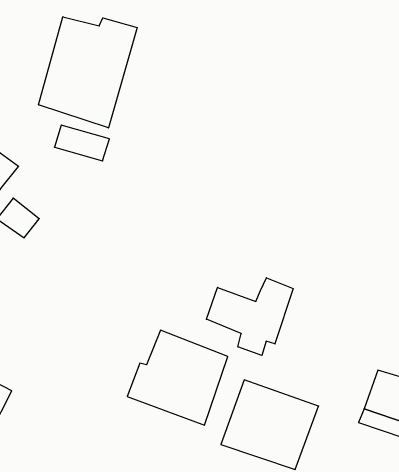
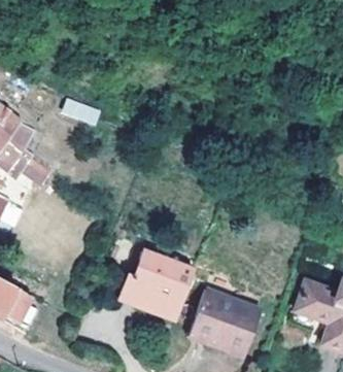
building: [39,17,137,128] -> none
building: [206,278,293,355] -> none

